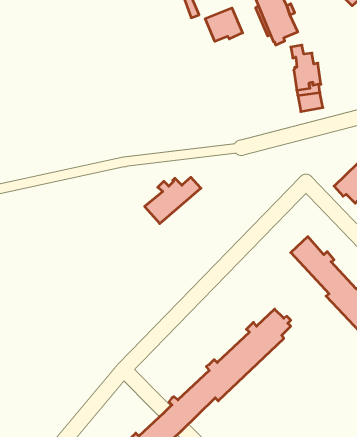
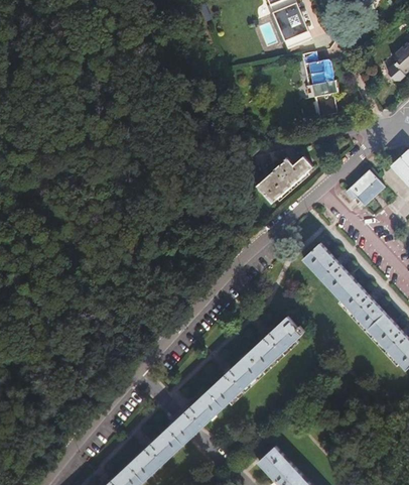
building: [205,8,243,41] -> none
building: [145,177,201,224] -> [256,156,312,203]

